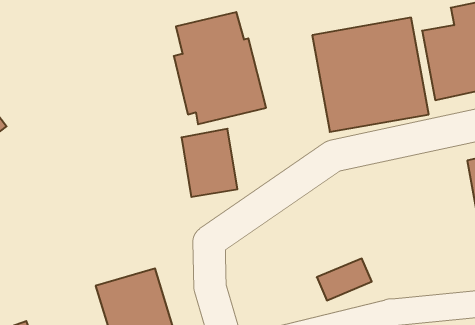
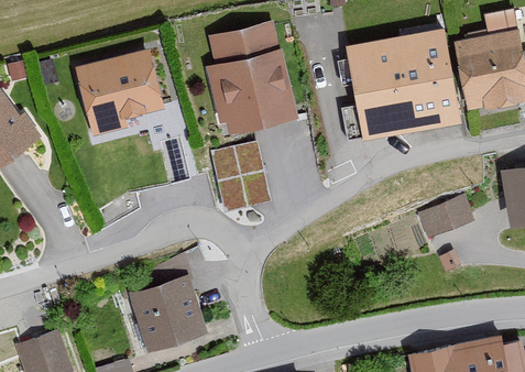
building: none -> [74,48,165,136]
building: [317,259,372,300] -> [416,196,471,238]

